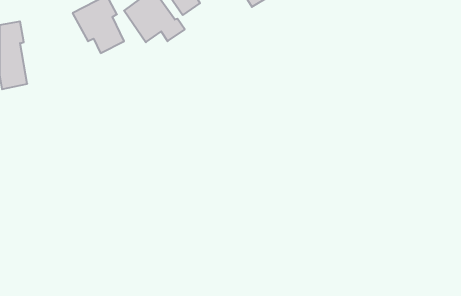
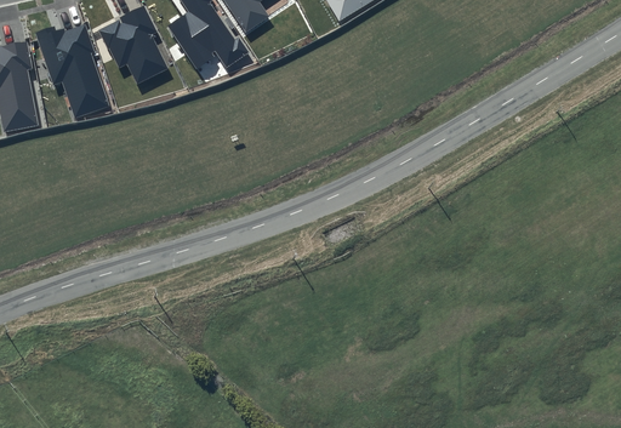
building: none -> [35,23,109,119]

